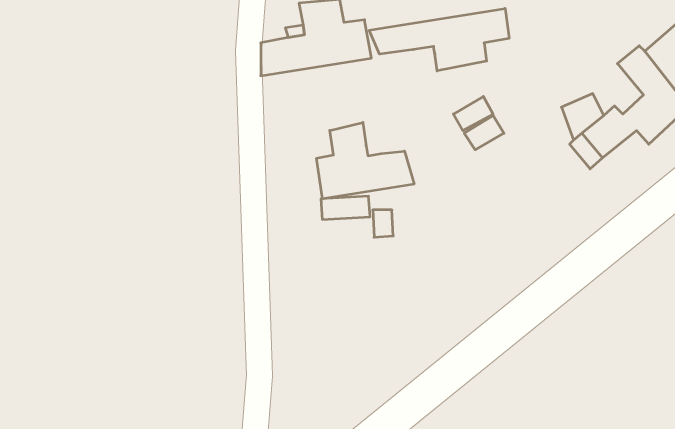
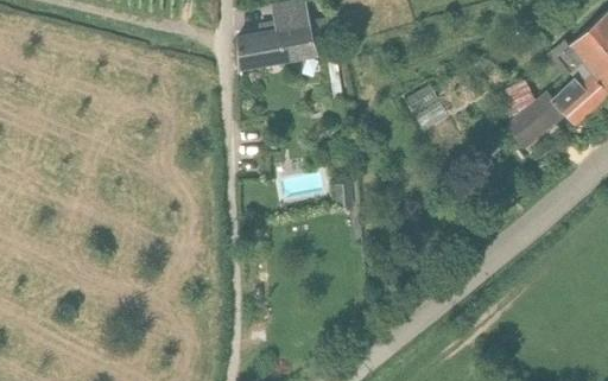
building: [369,8,509,71] -> none
building: [317,122,414,199] -> none

